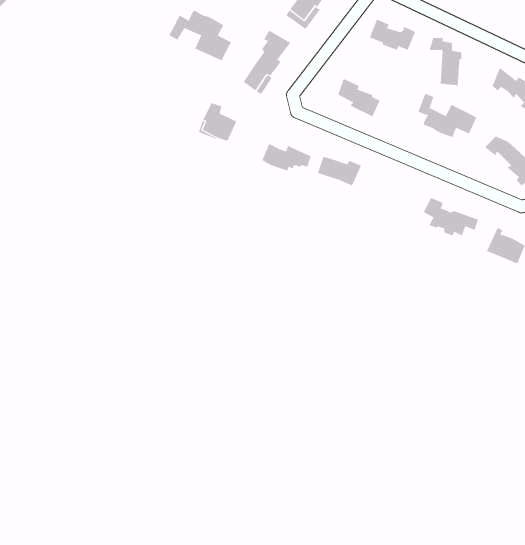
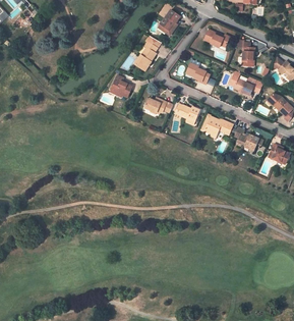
building: [168,10,231,61] -> none
building: none -> [199,113,233,136]

